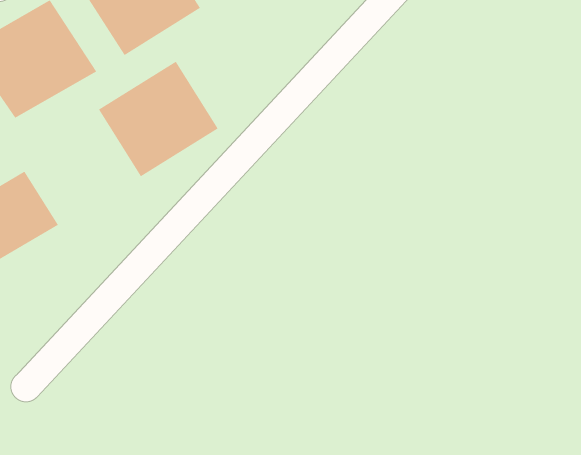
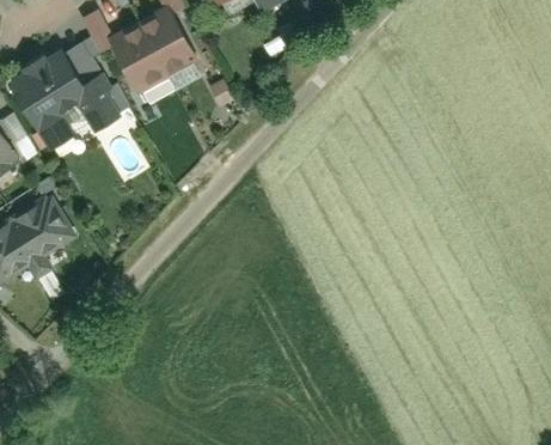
building: [98,61,218,177] -> none

